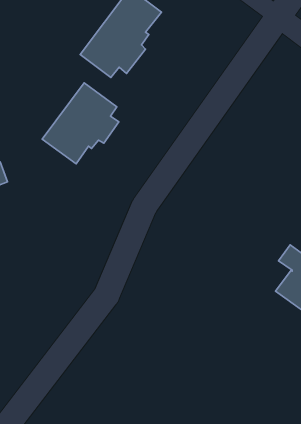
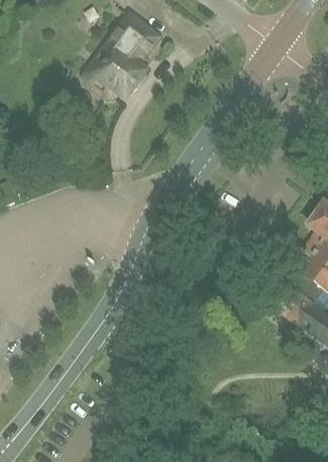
building: [42,83,119,164] -> none

